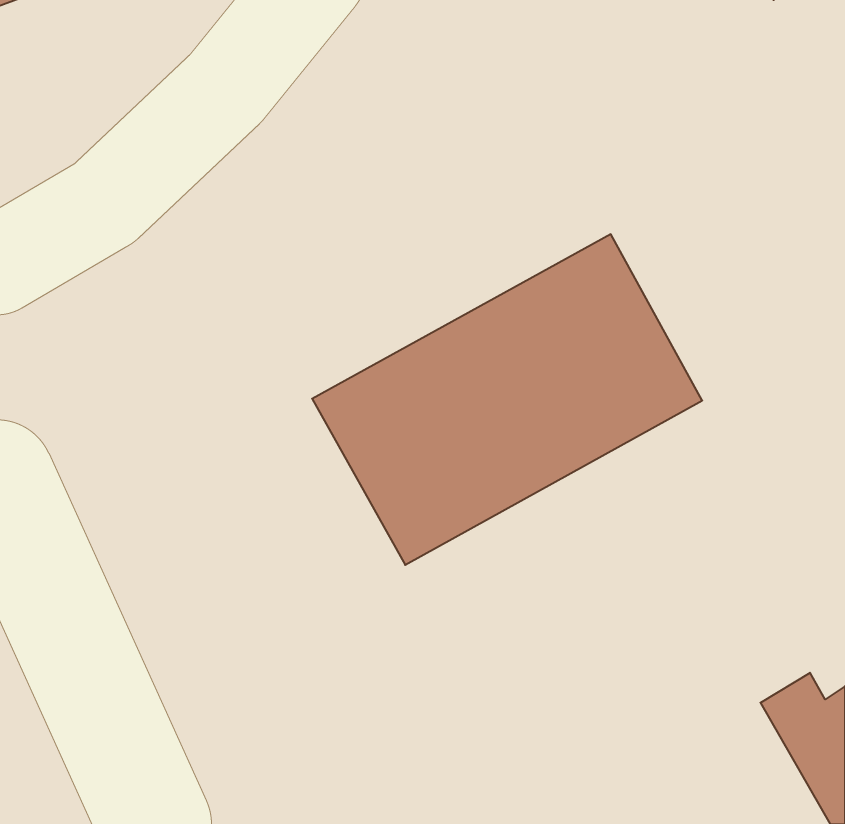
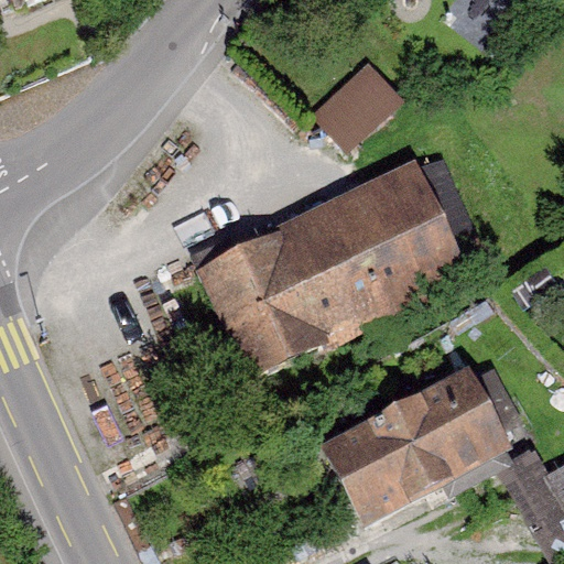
building: none -> [316,53,406,140]
building: none -> [323,372,513,528]

